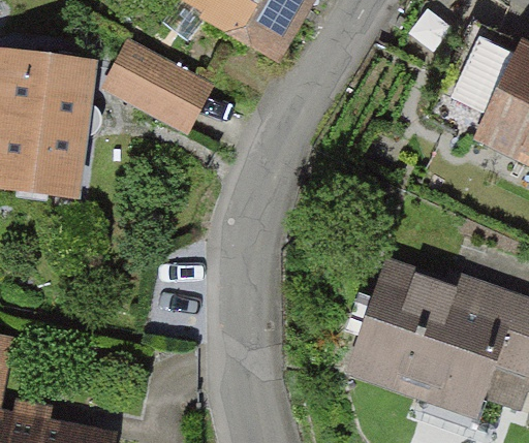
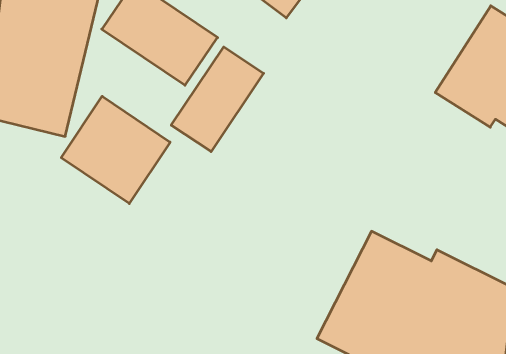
building: none -> [171,47,264,152]
building: none -> [61,96,170,204]

